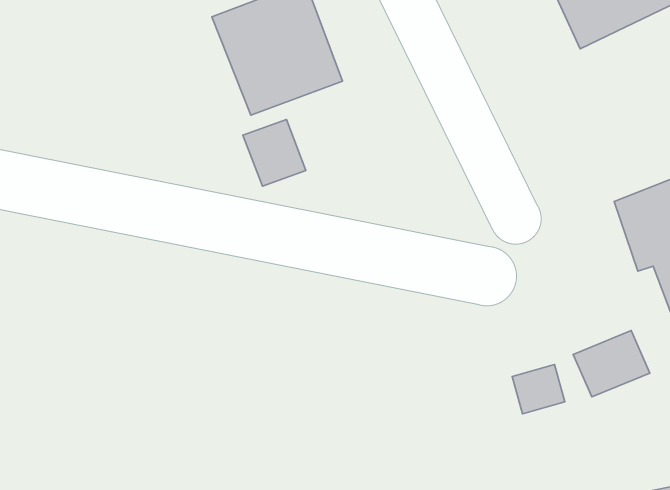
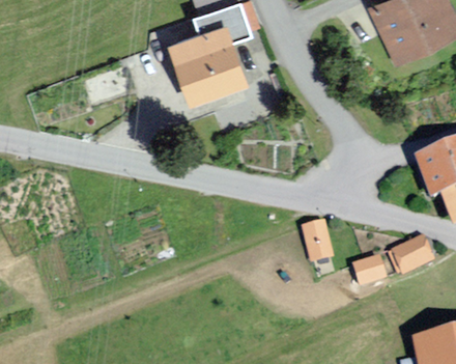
building: [243,120,306,186] -> none
building: none -> [301,222,334,261]

